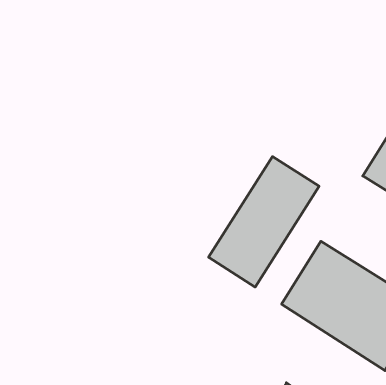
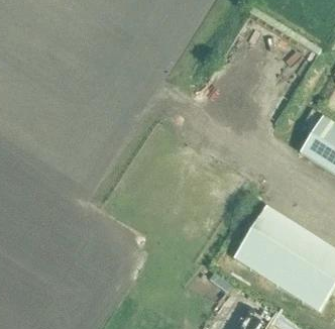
building: [209,157,319,287] -> none

